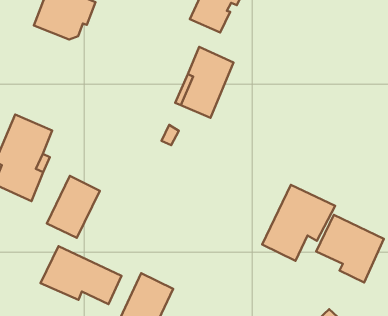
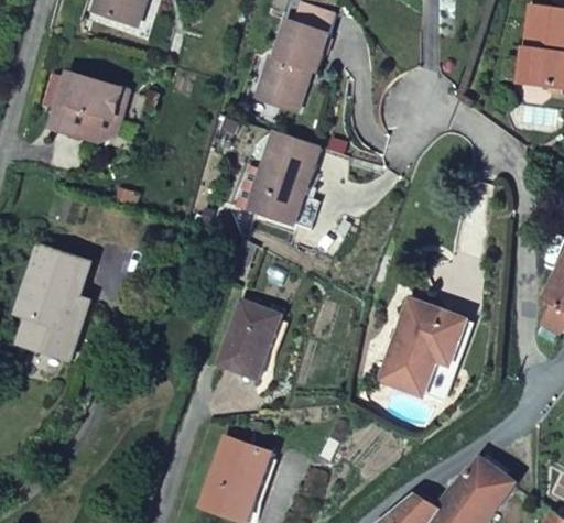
building: [47,176,100,238] -> [219,299,284,380]
building: [316,215,384,282] -> none
building: [40,246,122,304] -> none

